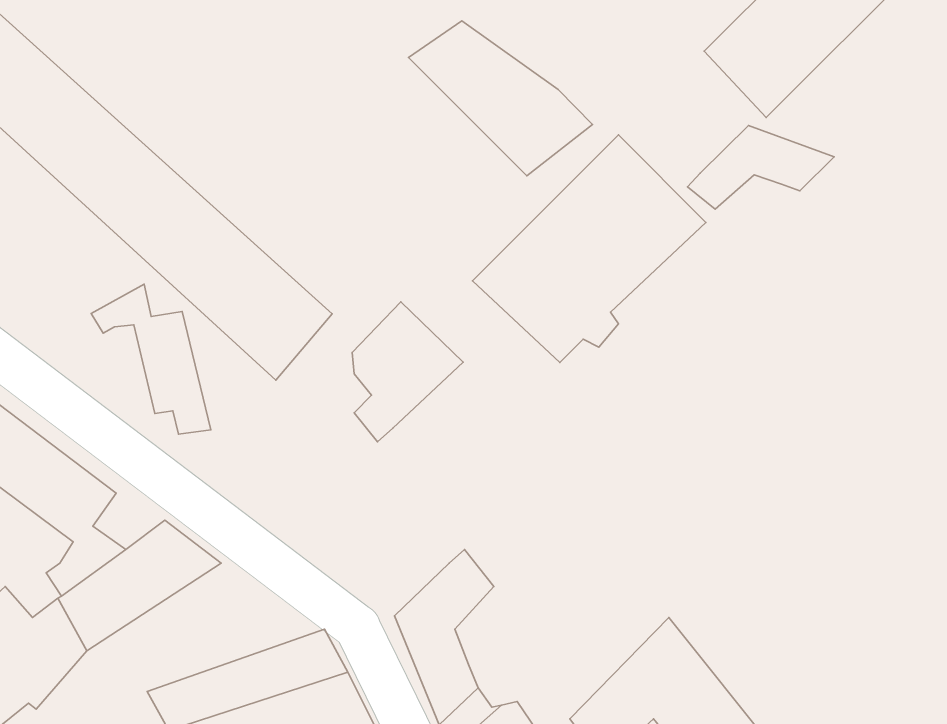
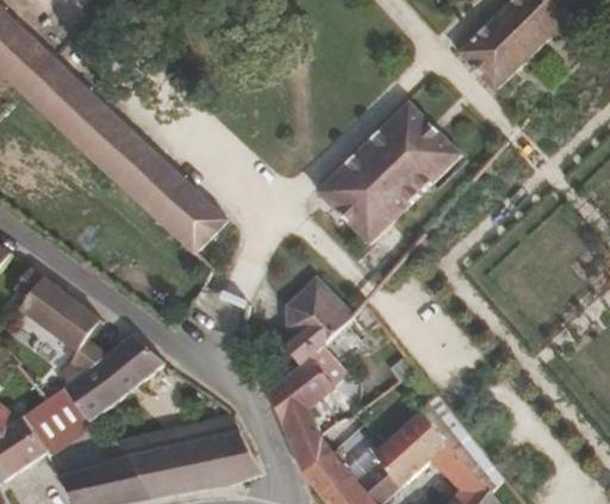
building: [408,21,593,176] -> none
building: [687,125,834,209] -> none
building: [91,284,211,434] -> none
building: [352,302,463,442] -> [286,279,354,365]

